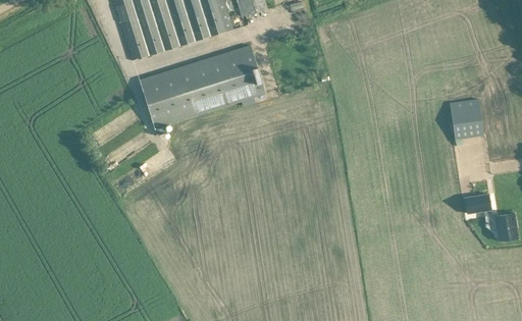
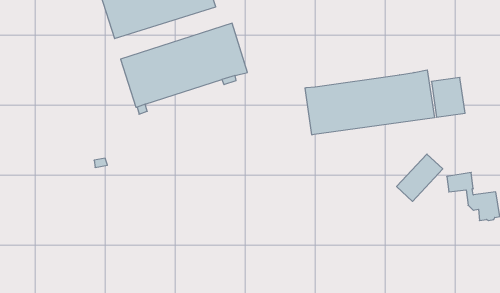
building: none -> [305,70,434,135]
building: none -> [397,154,443,201]

